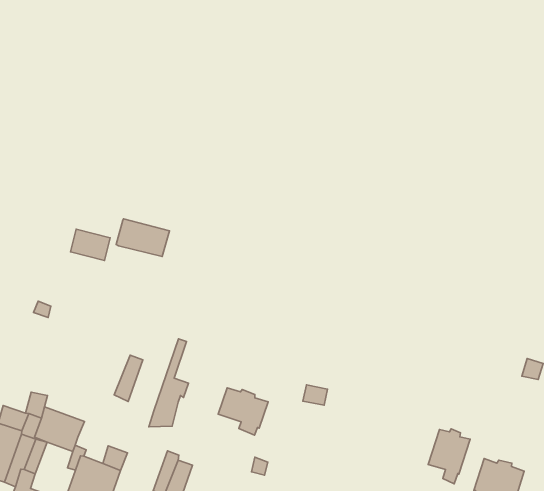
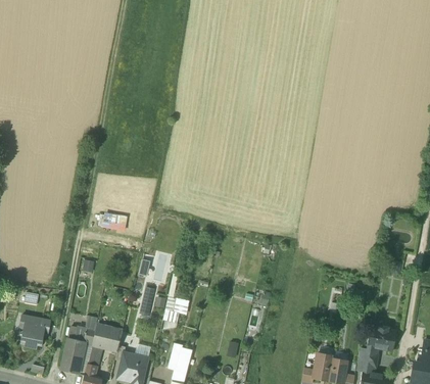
building: [116,219,170,257] -> none
building: [218,388,268,435] -> none
building: [428,429,470,484] -> none

